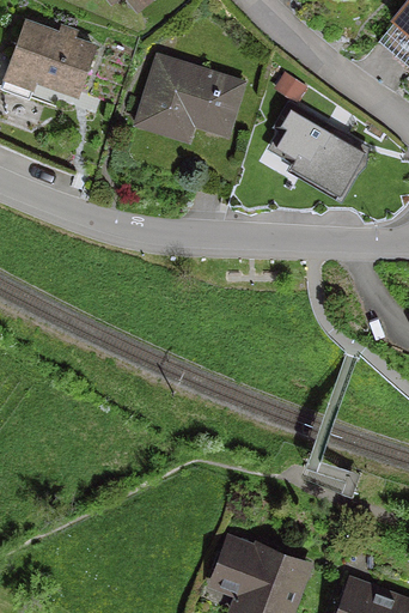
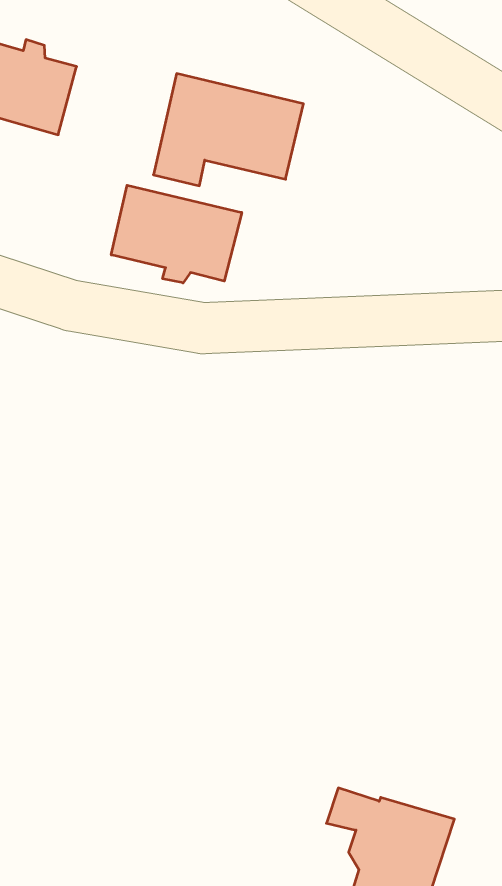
building: [274,108,361,195] -> none
building: none -> [111,185,242,283]

